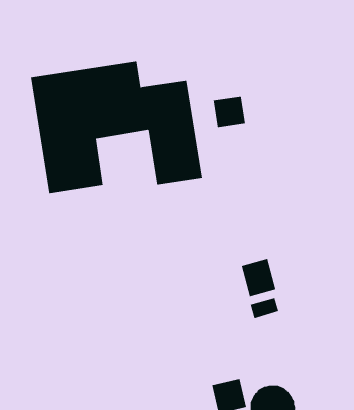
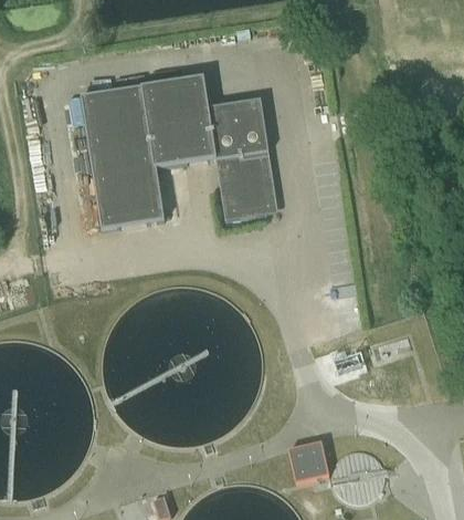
building: [213,96,246,128] -> none
building: [241,258,276,297] -> none

